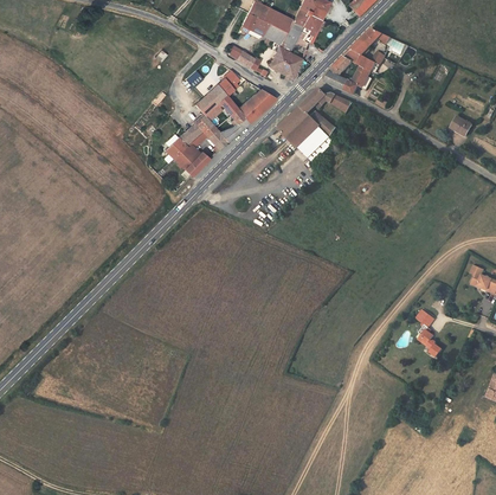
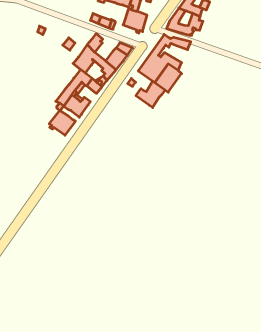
building: none -> [136,81,165,108]
building: none -> [49,111,75,135]

